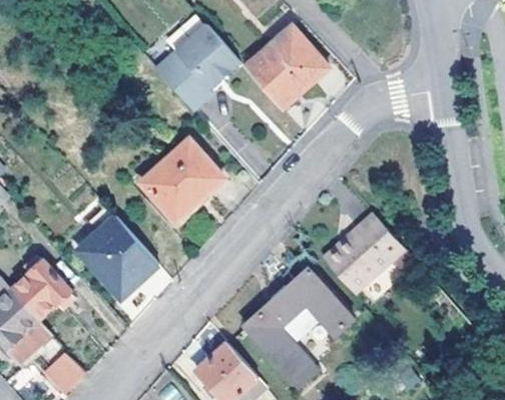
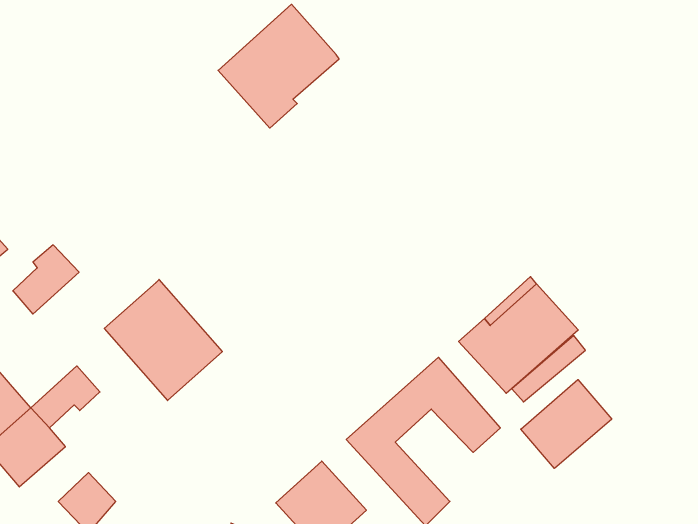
building: [244,26,329,106] -> none
building: [141,140,222,220] -> none
building: [11,256,57,304] -> [13,245,79,314]
building: none -> [521,380,612,468]

